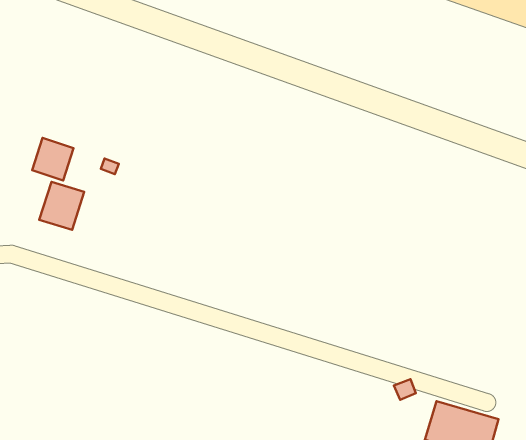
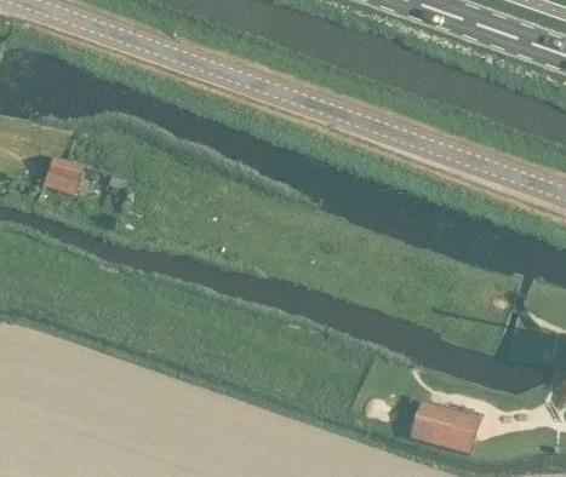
building: [39,182,84,230] -> none

